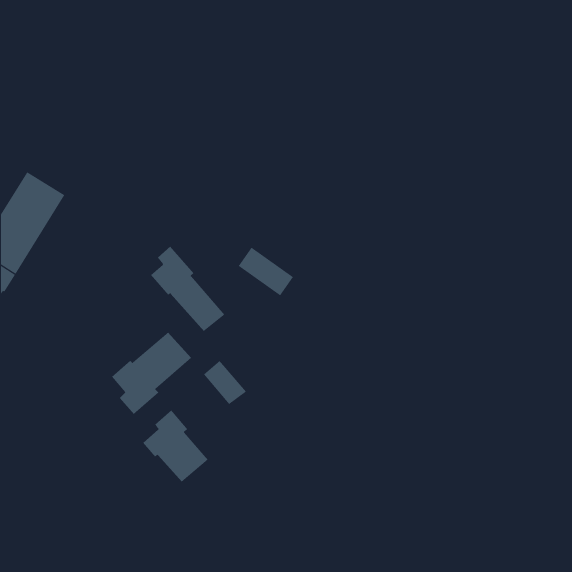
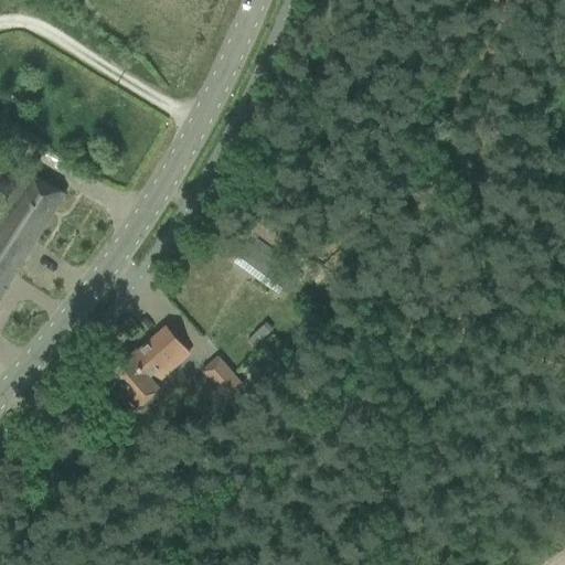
building: [150,246,225,332] -> none
building: [142,410,208,482] -> none

